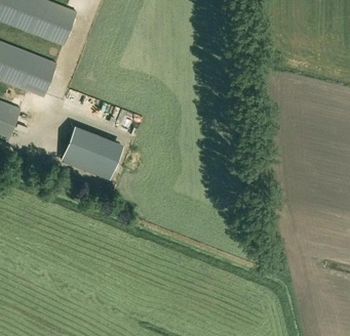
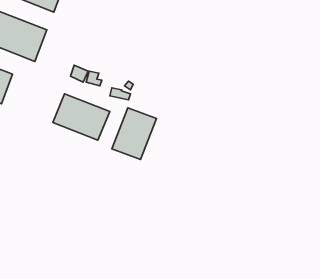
building: none -> [112,108,157,159]

